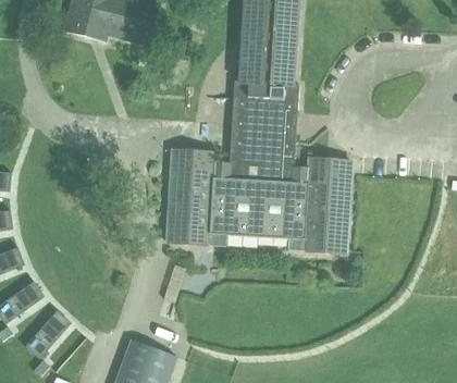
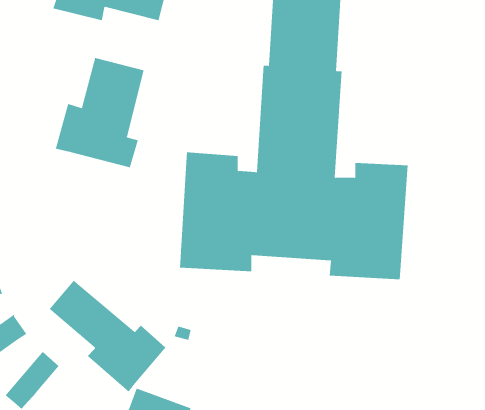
building: none -> [55,57,144,168]
building: none -> [49,280,166,392]

